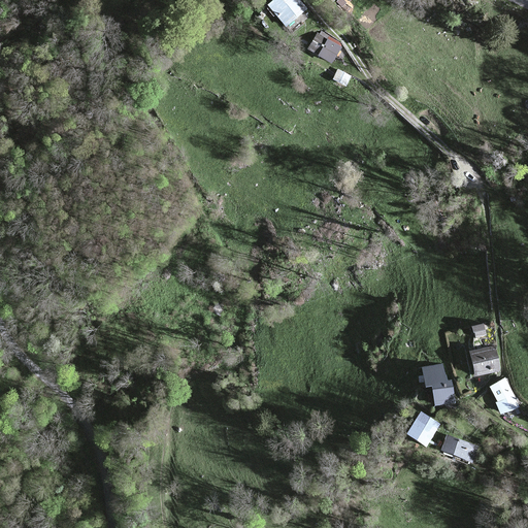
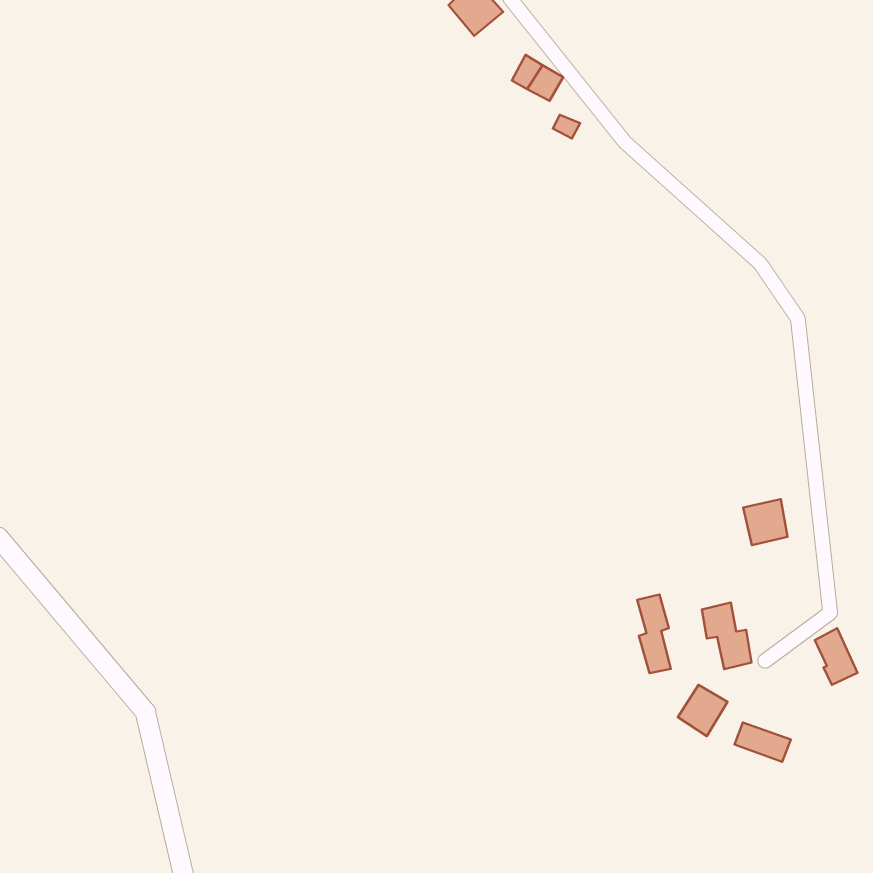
building: [471,345,498,373] -> [743,499,788,545]
building: none -> [637,594,671,673]

